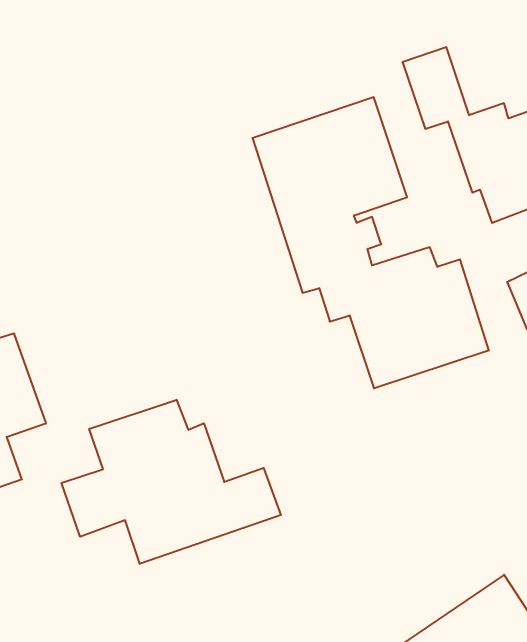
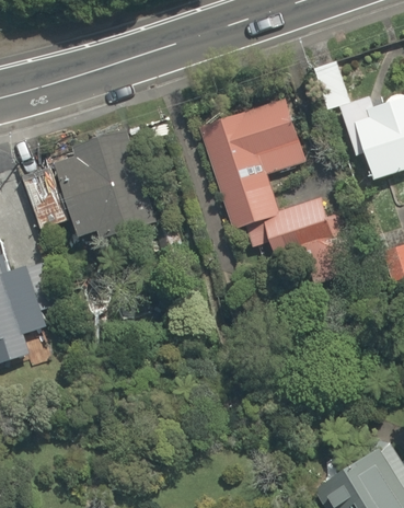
building: none -> [20,120,155,243]
building: [62,400,281,564] -> none

